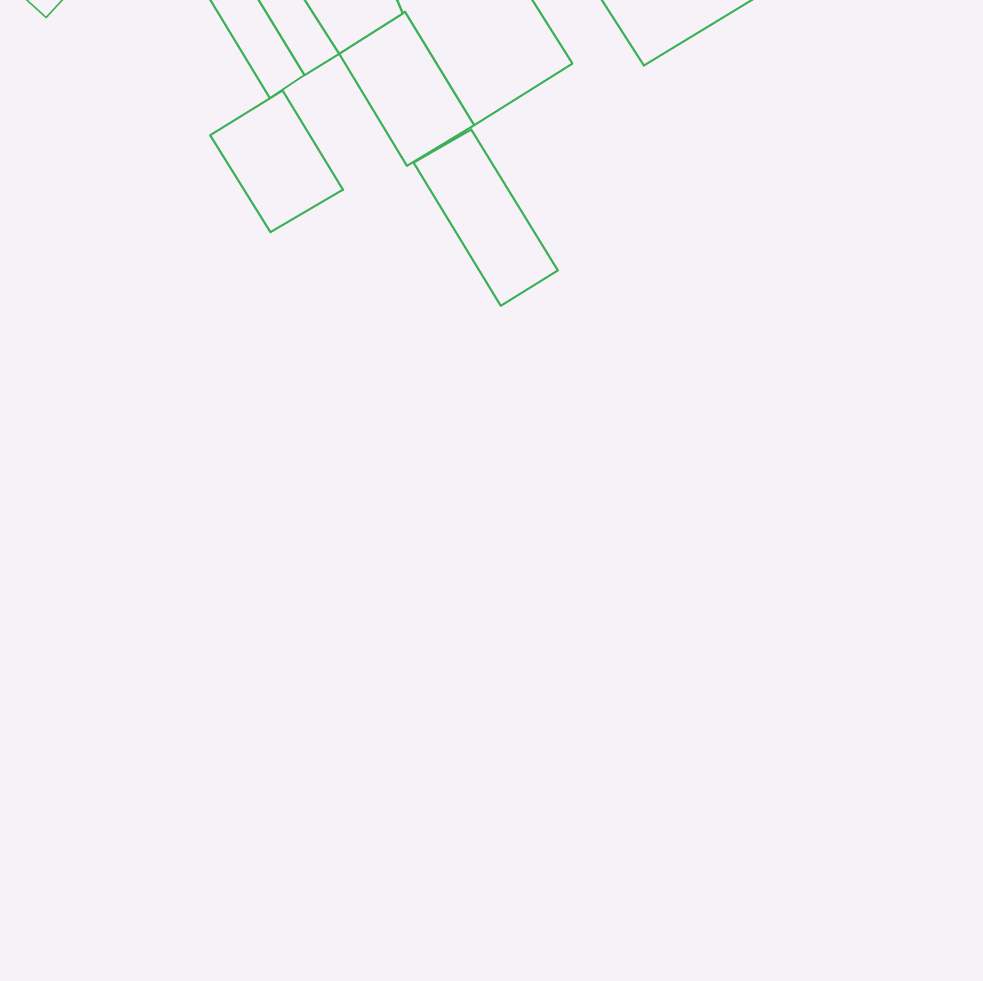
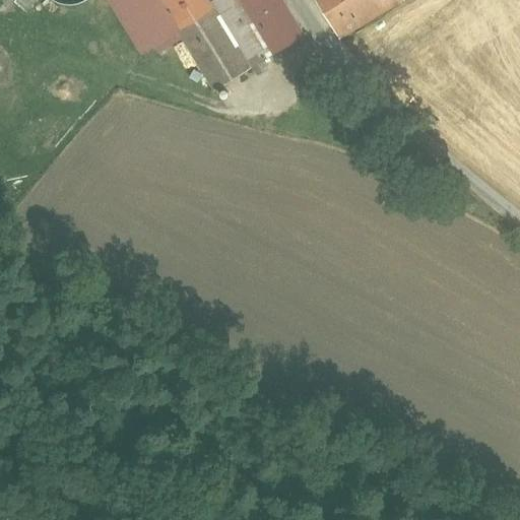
building: [210,90,343,232] -> none
building: [413,129,558,306] -> none

